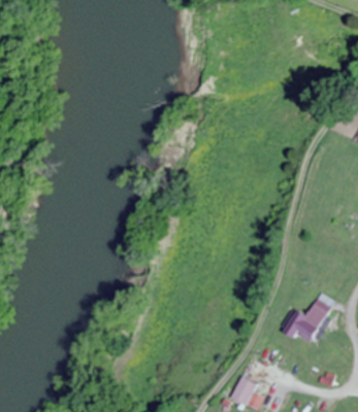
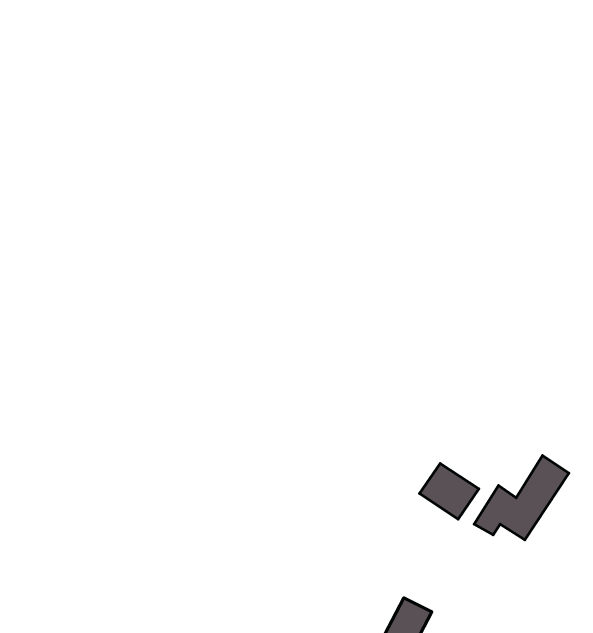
building: none -> [420,464,479,519]

